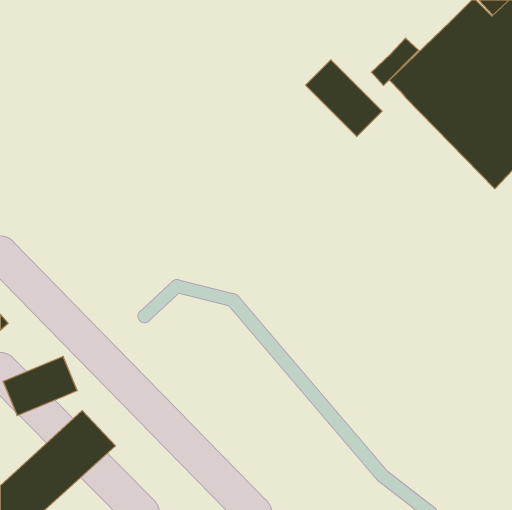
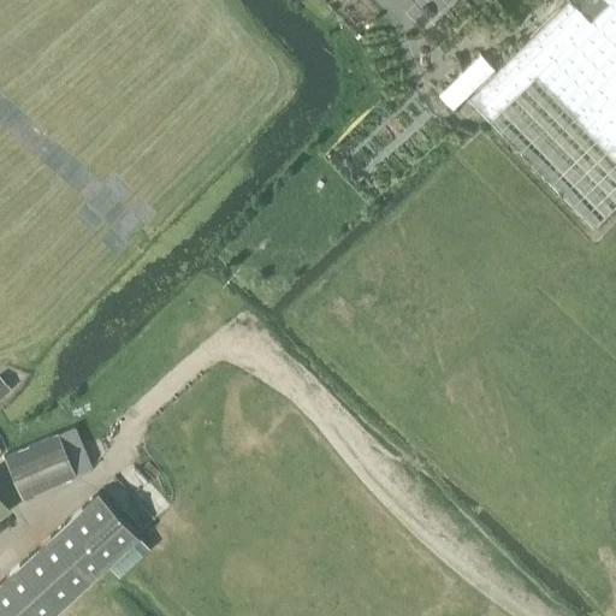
building: [306,60,382,137] -> none

